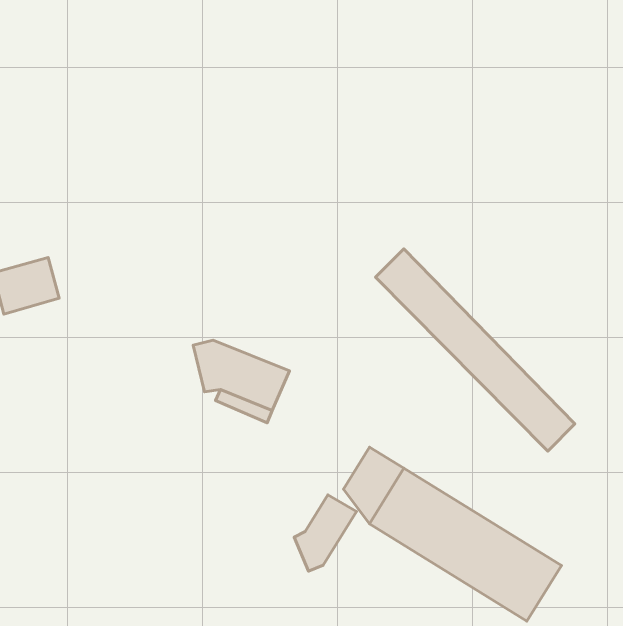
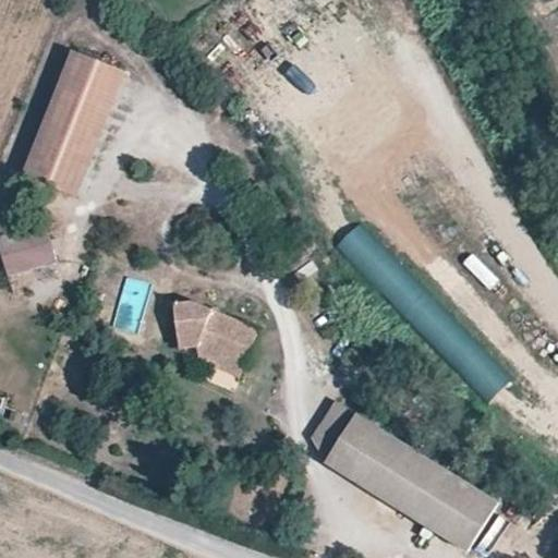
building: none -> [20,48,124,201]
building: [294,495,356,571] -> none

